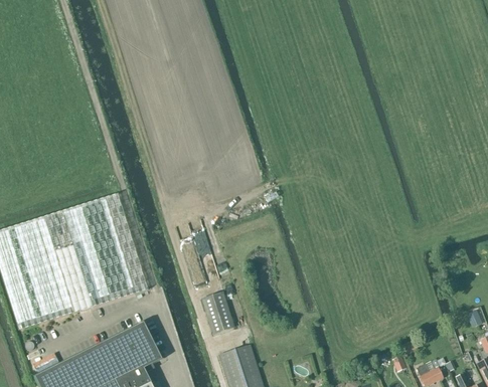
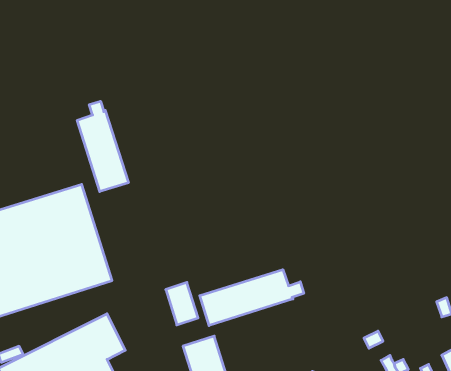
building: none -> [77,101,128,192]
building: none -> [200,270,304,326]

